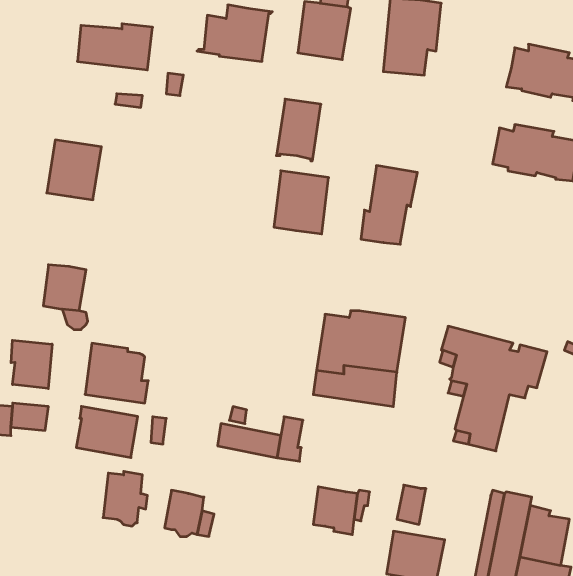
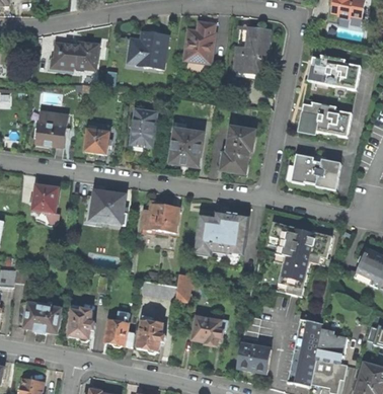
building: [276,99,321,161] -> [130,108,156,145]
building: none -> [85,129,109,153]
building: none -> [294,153,340,189]
building: none -> [141,200,179,231]
building: [11,340,52,389] -> none
building: [85,343,148,403] -> [90,189,128,225]
building: [76,406,138,458] -> [24,302,61,332]
building: none -> [138,315,165,350]

